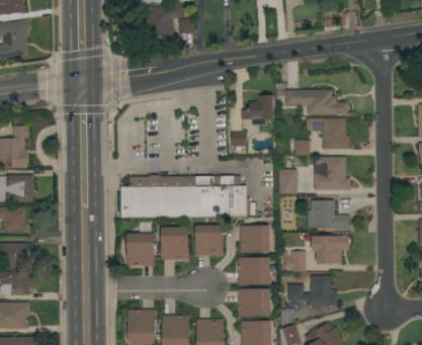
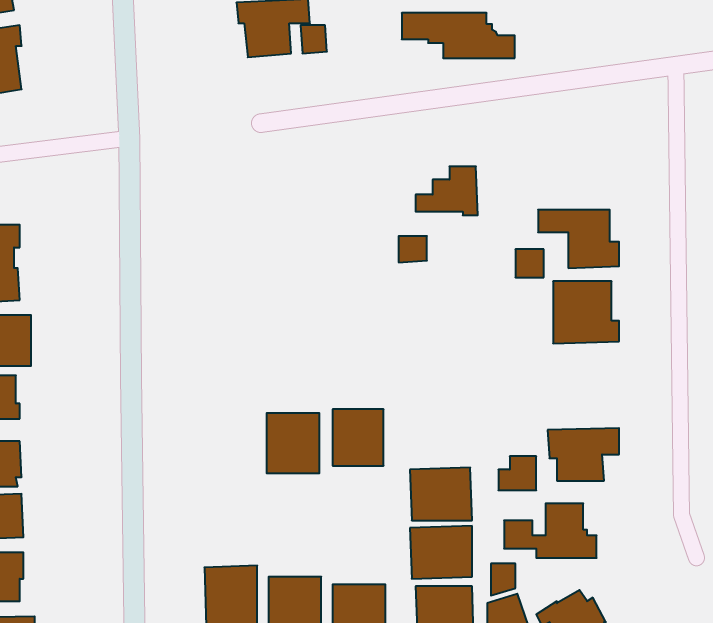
building: [285,90,346,114] -> [402,13,515,58]
building: [276,169,297,193] -> none
building: [117,175,249,219] -> none
building: [307,200,350,231] -> none
building: [239,226,269,253] -> none
building: [126,234,154,266] -> none

